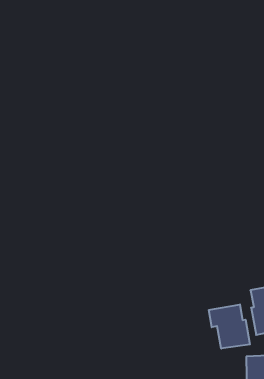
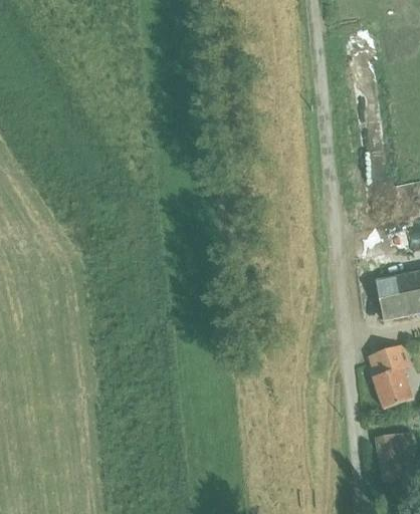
building: [209,304,250,349] -> none

